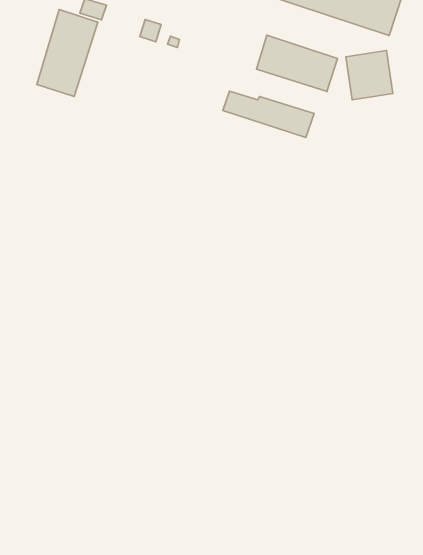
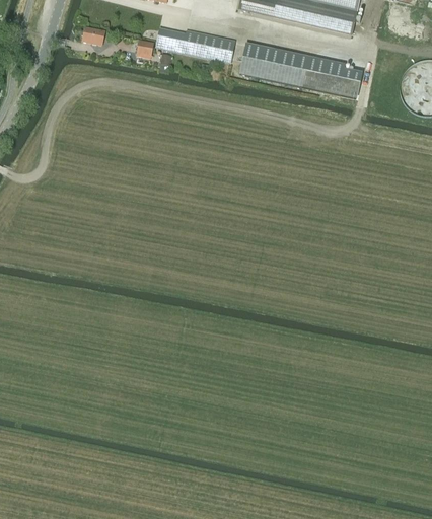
building: [37,9,98,97] -> none
building: [223,91,314,137] -> [155,29,234,63]

